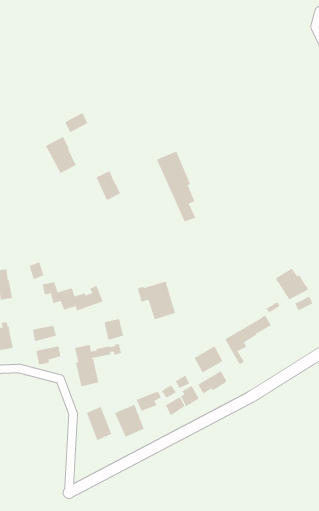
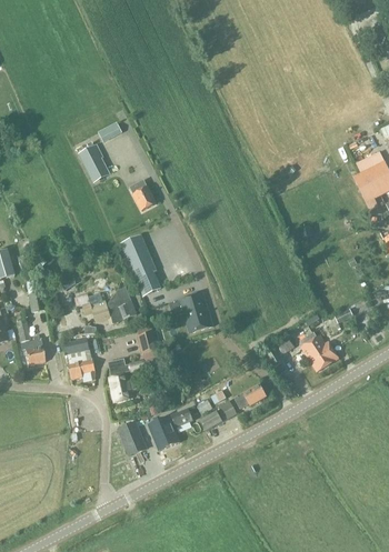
building: [156,151,196,222] -> [117,230,158,303]
building: [275,268,309,300] -> [301,335,337,369]
building: [194,345,223,374] -> none

